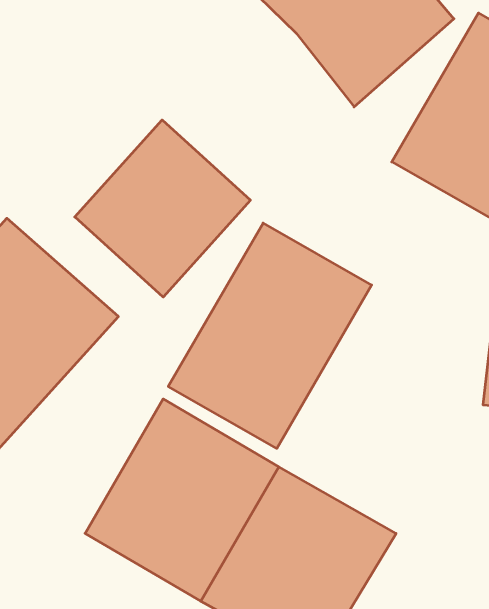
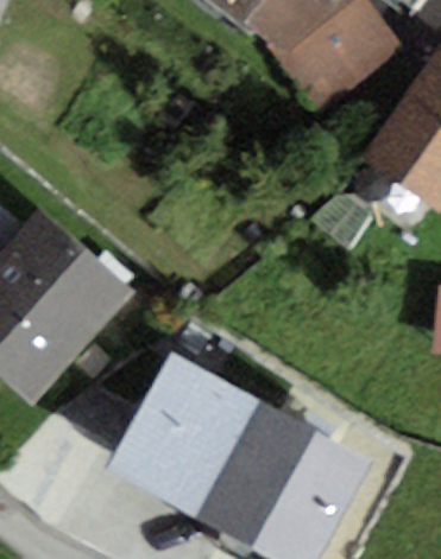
building: [75,120,250,297] -> none
building: [168,223,372,448] -> none

